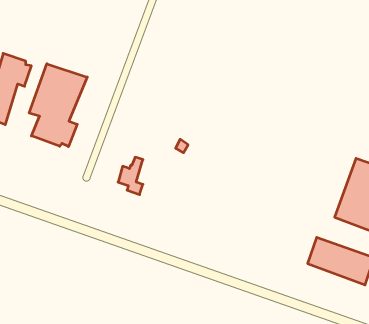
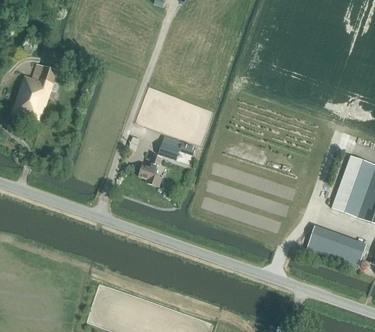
building: [29,64,87,147] -> none
building: none -> [158,136,188,160]

